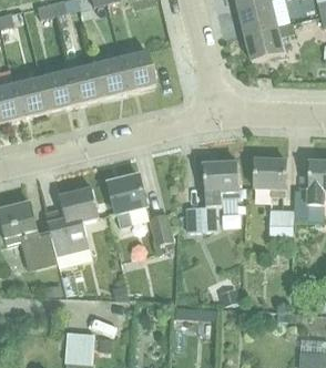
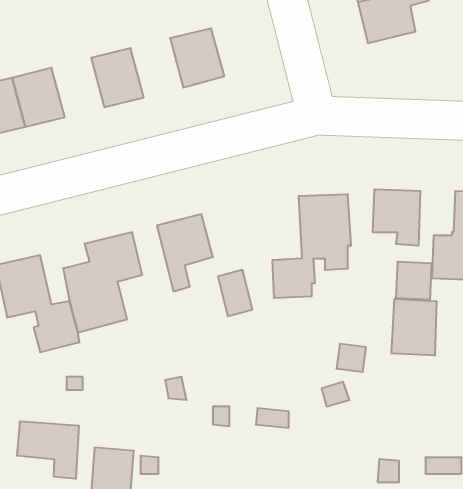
building: [91,58,126,98] -> none
building: [38,71,73,111] -> none
building: none -> [392,299,437,356]
building: none -> [17,421,79,479]

